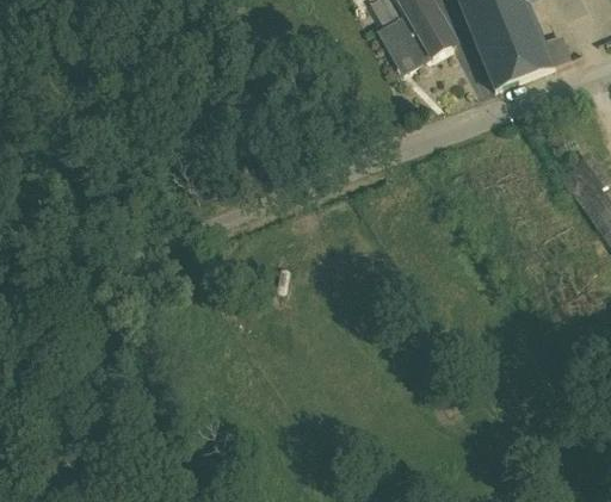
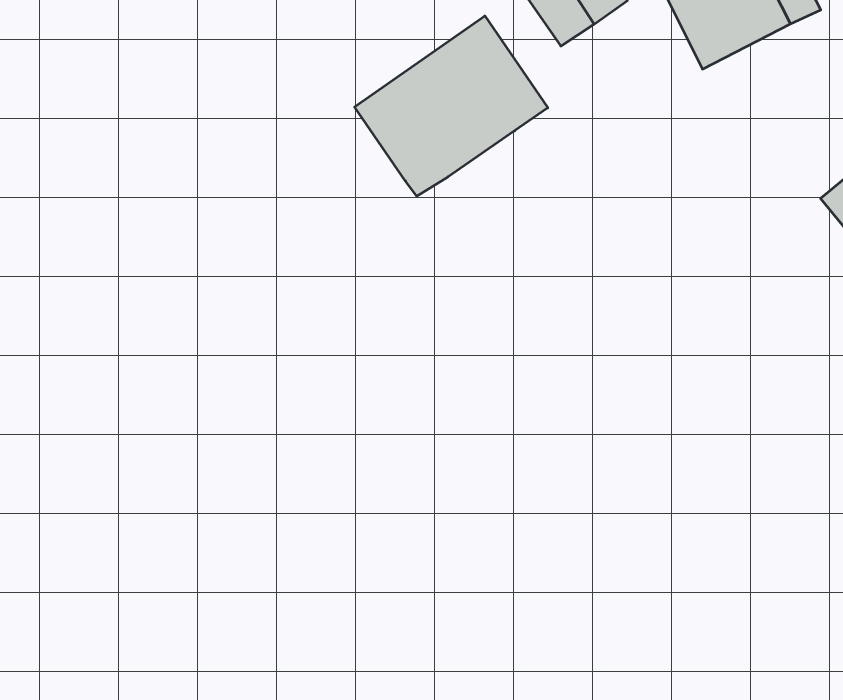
building: none -> [355,16,548,196]

